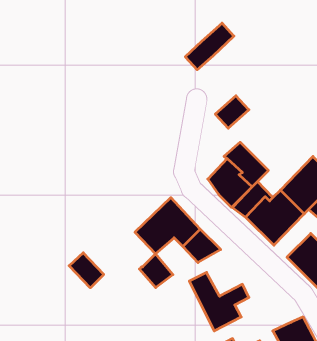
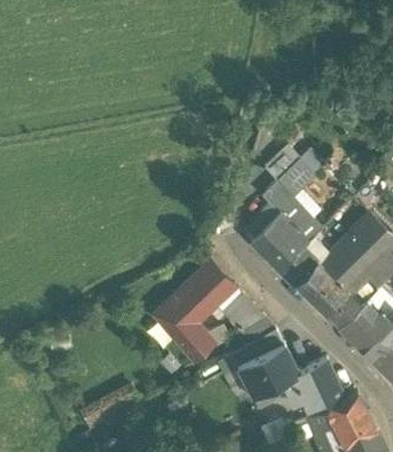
building: [185,23,234,70] -> [257,163,311,215]
building: [69,253,104,287] -> [156,299,195,338]
building: none -> [251,329,291,370]
building: none -> [282,358,345,415]

